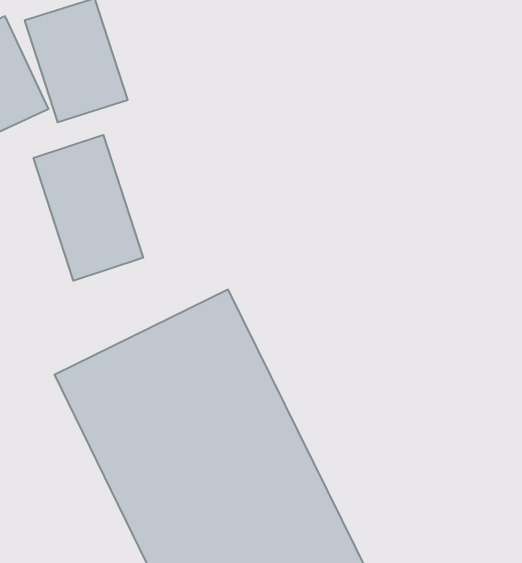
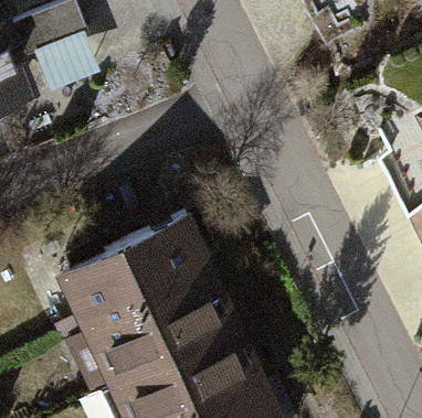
building: [34,135,143,281] -> none

